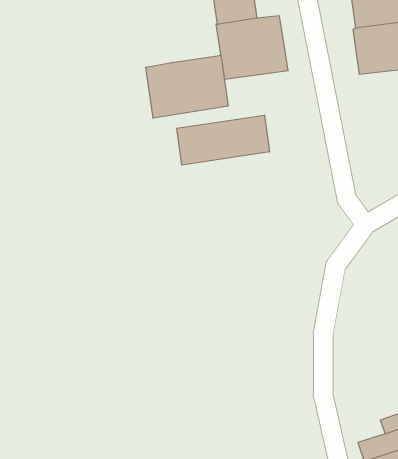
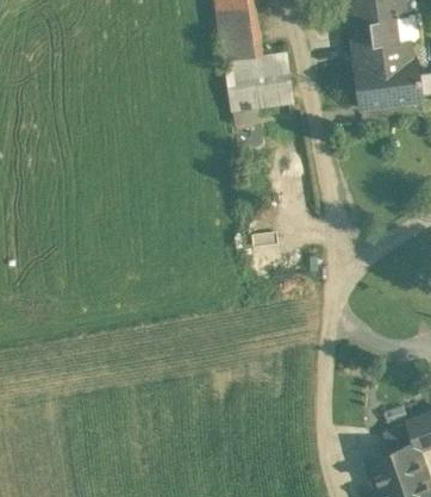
building: [146,55,228,118] -> none
building: [177,115,270,165] -> none

